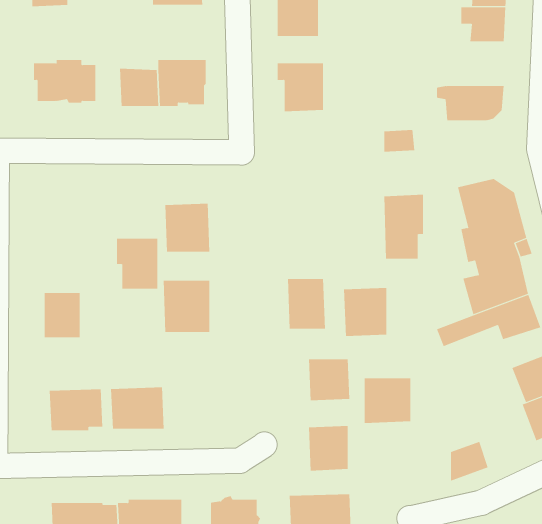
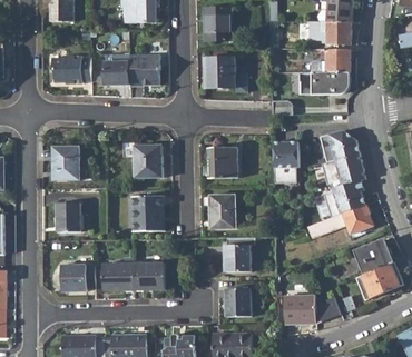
building: none -> [313,49,350,71]
building: [116,238,158,289] -> [50,147,77,179]
building: [343,287,387,336] -> [208,146,236,177]
building: [364,378,411,423] -> [285,295,315,324]
building: none -> [133,261,164,289]

